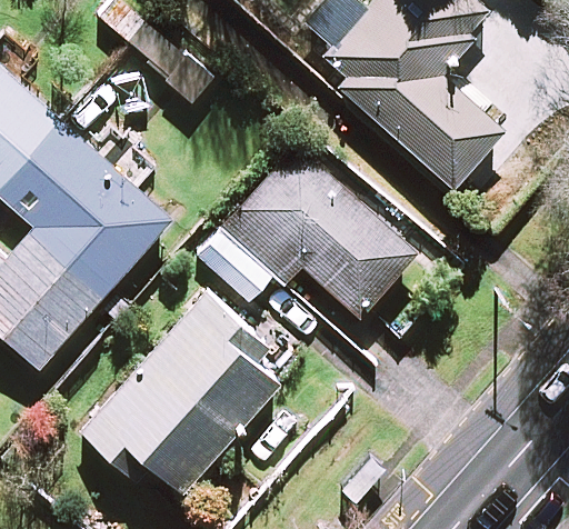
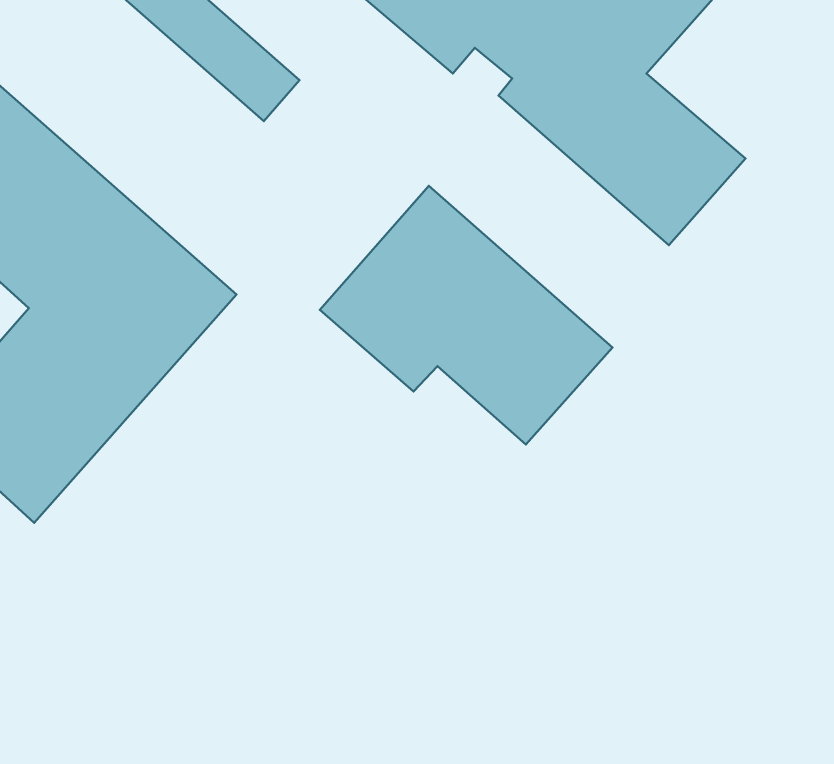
building: [82,300,279,492] -> none

